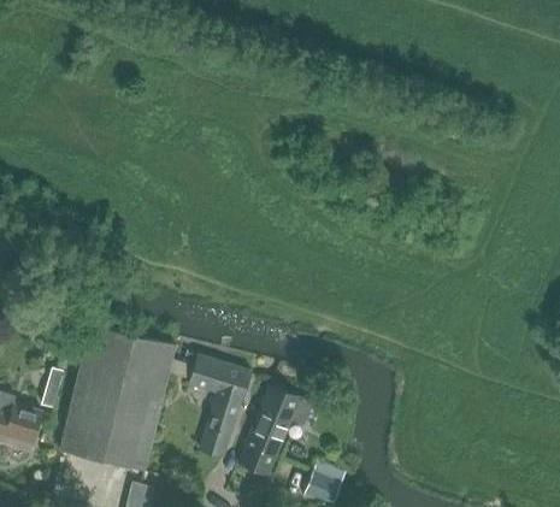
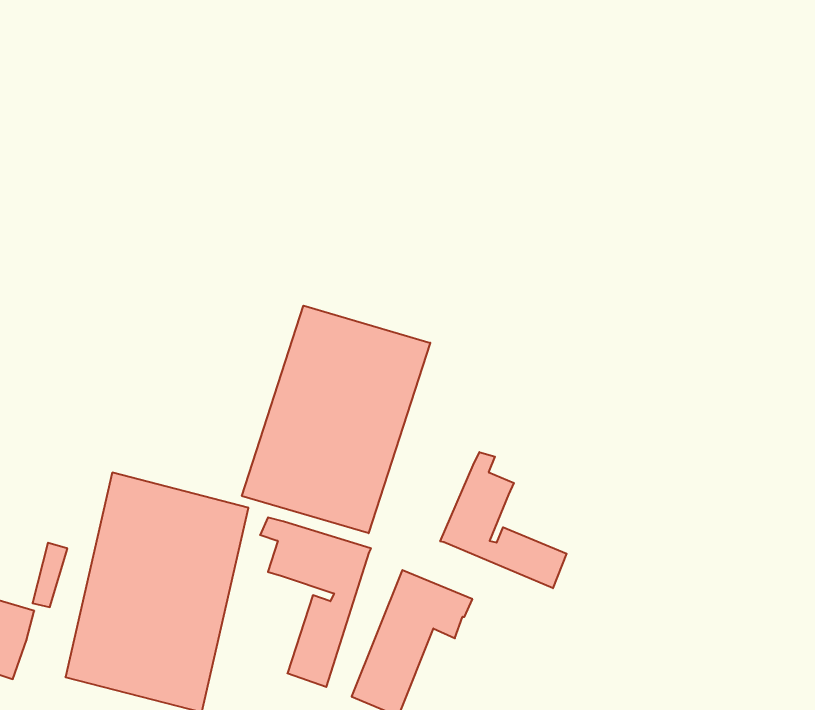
building: none -> [242,306,430,533]
building: none -> [440,452,567,588]

